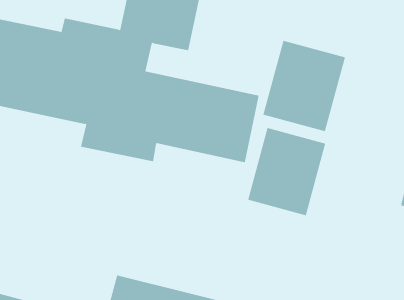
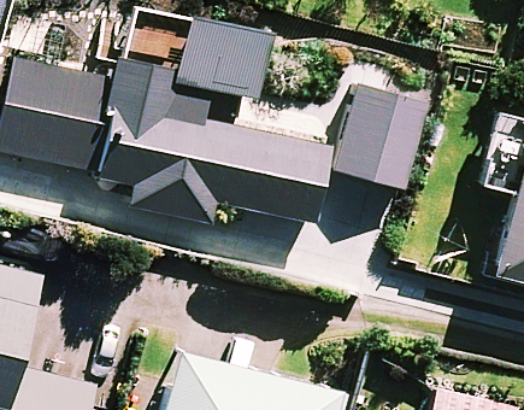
building: [247,127,326,216] -> none

